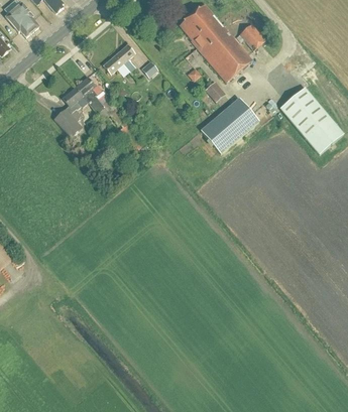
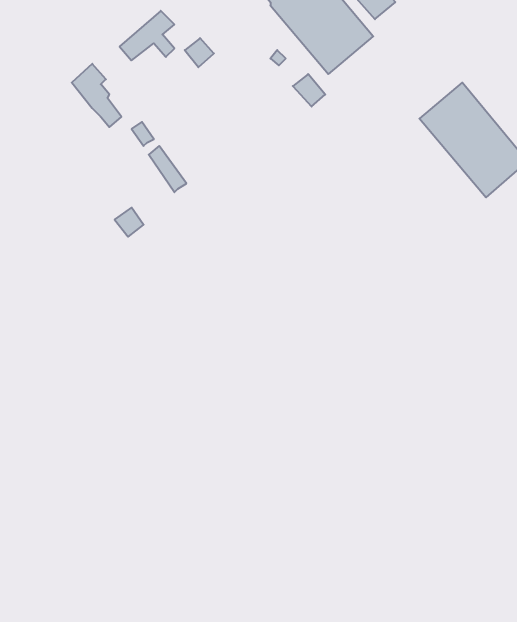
building: [51,87,86,137] -> none
building: [200,97,258,153] -> none

